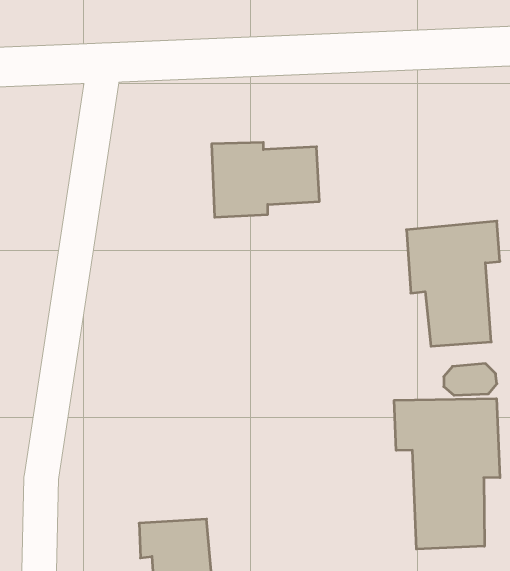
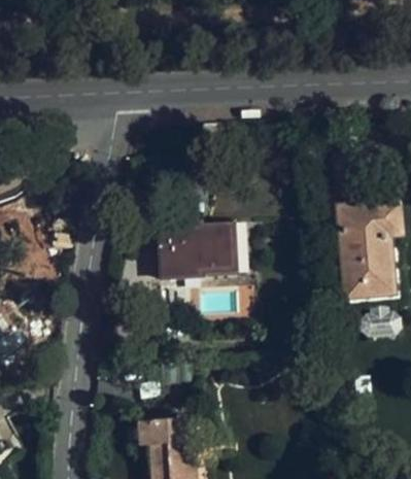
building: [212,142,319,217] -> [161,226,238,279]
building: [394,399,500,549] -> none

